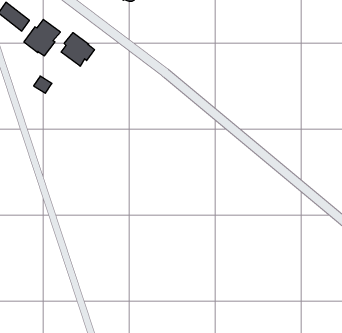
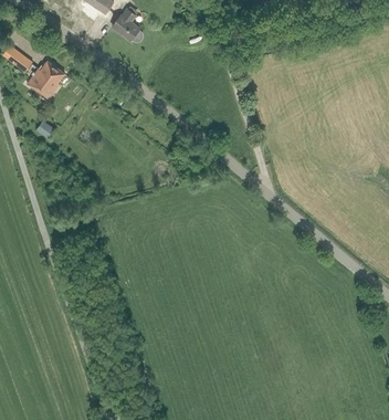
building: [61,33,94,66] -> none

